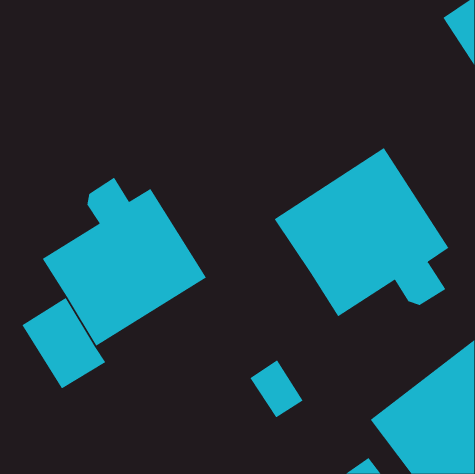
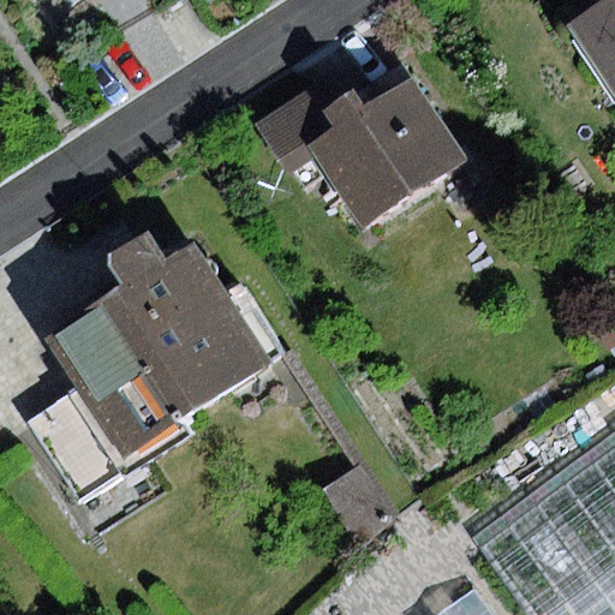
building: none -> [259,56,470,231]
building: [274,147,449,317] -> none

